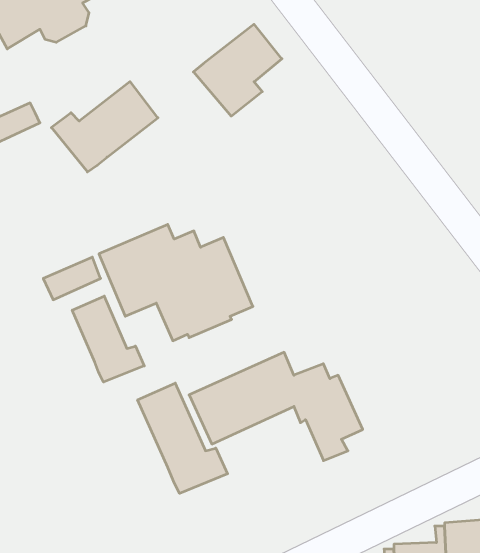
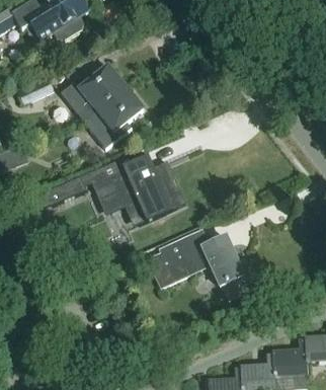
building: [193,24,282,116] -> [88,86,143,143]
building: [72,296,144,382] -> none
building: [138,383,228,493] -> none

